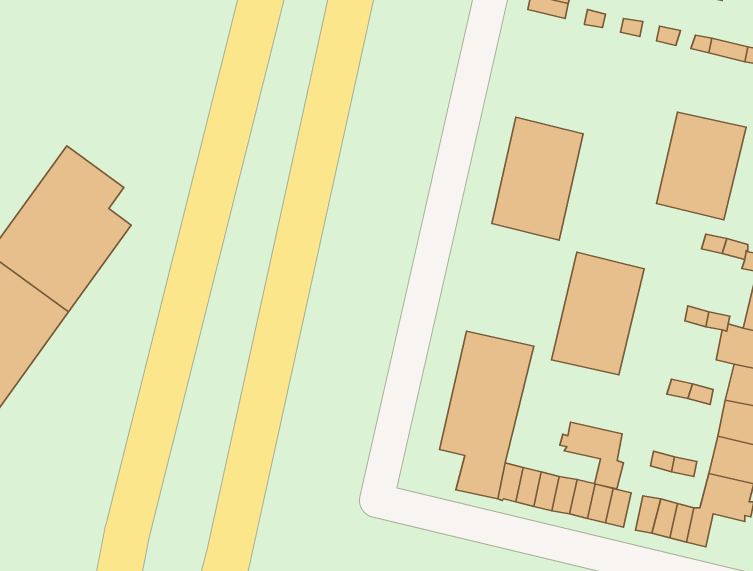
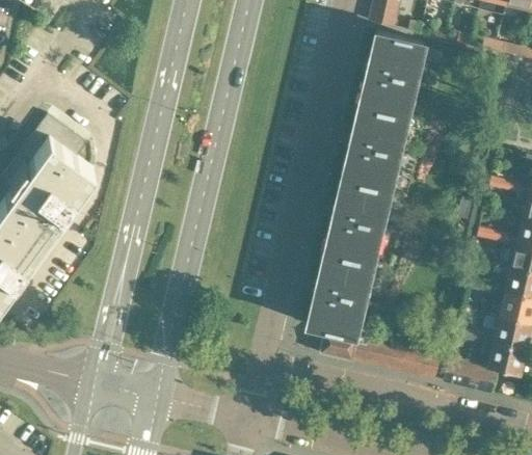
building: [656,112,746,220] -> [362,32,424,107]
building: [551,252,644,375] -> [327,169,392,255]
building: [560,422,623,489] -> none

